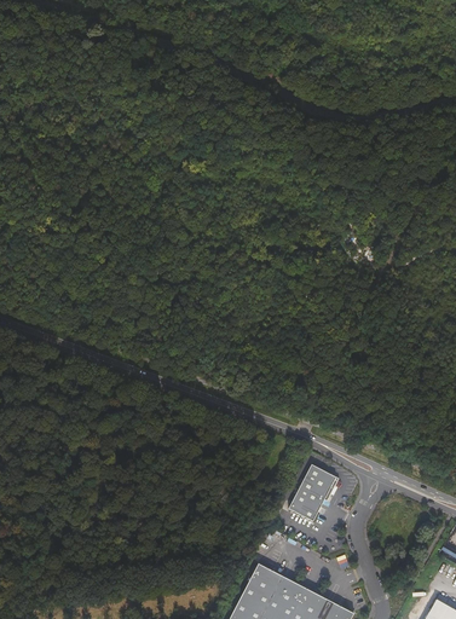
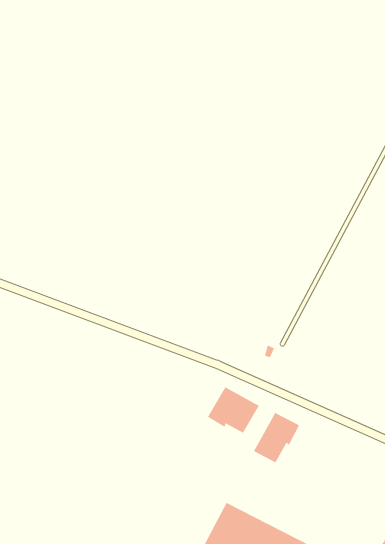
building: none -> [207,386,259,434]

